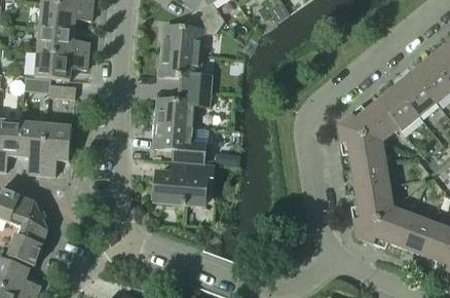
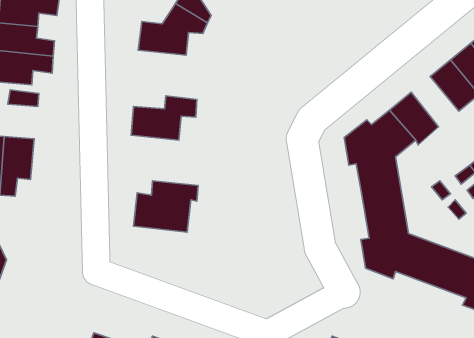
building: [158,49,212,91] -> none
building: [395,72,436,115] -> none
building: [152,122,207,164] -> none

